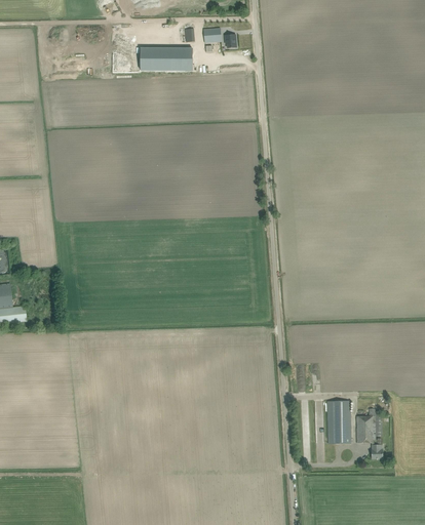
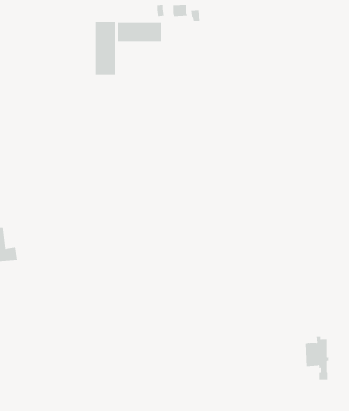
building: none -> [95,21,116,75]
building: [326,399,350,442] -> none

